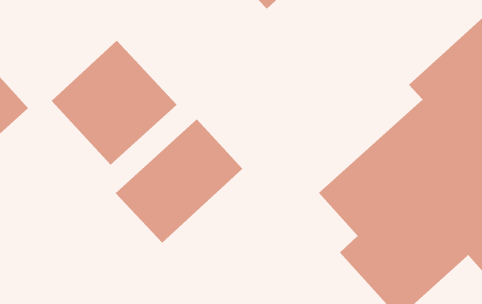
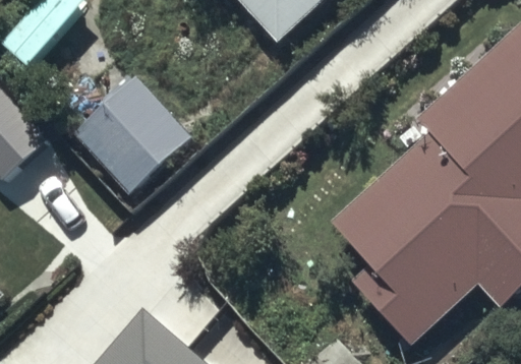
building: [115,118,243,243] -> none

